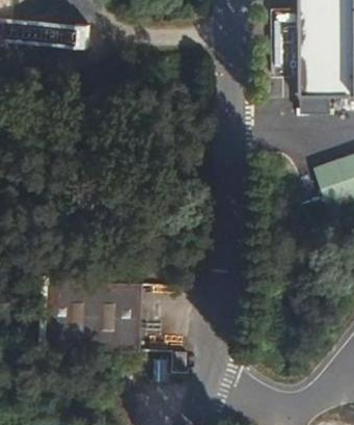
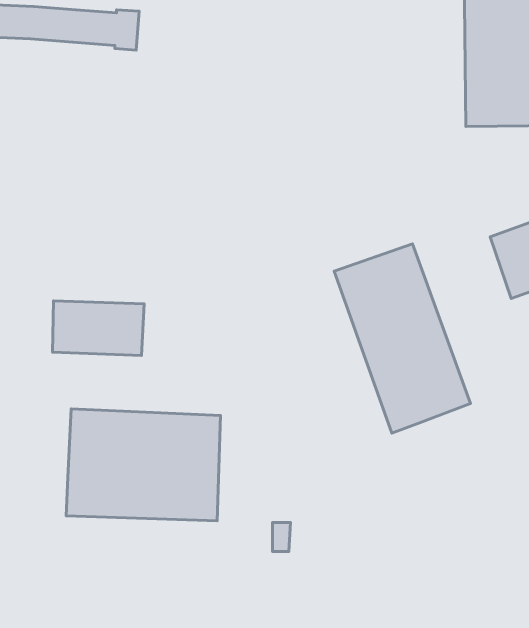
building: none -> [334,244,471,433]
building: none -> [53,301,144,356]

